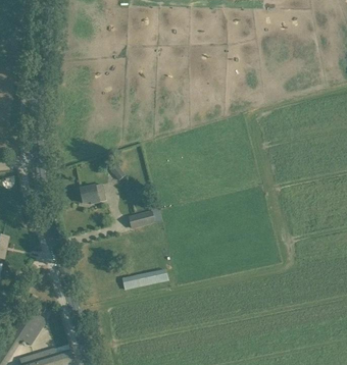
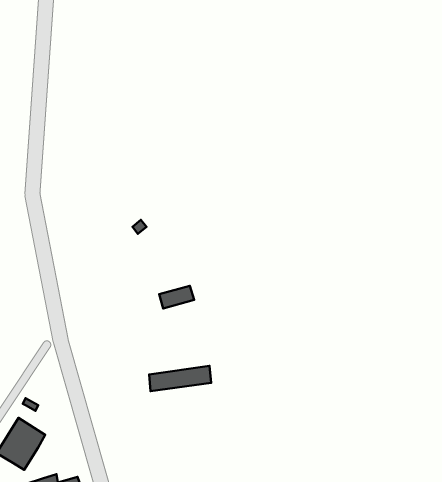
building: [80,184,106,204] -> none

